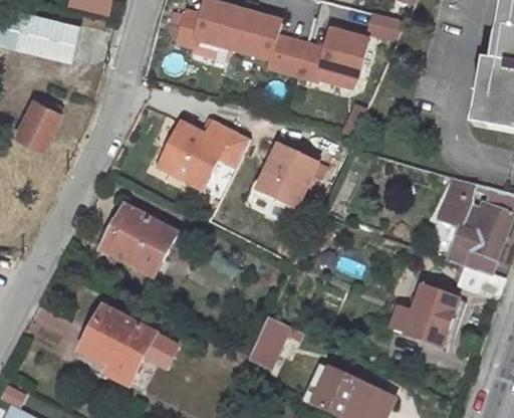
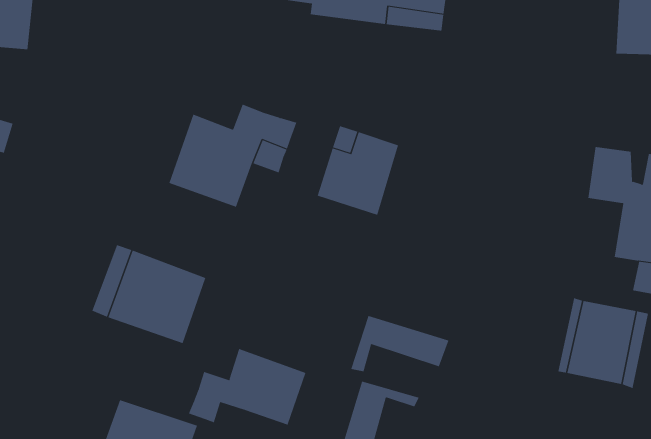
building: none -> [350,315,449,372]
building: none -> [188,348,306,426]

